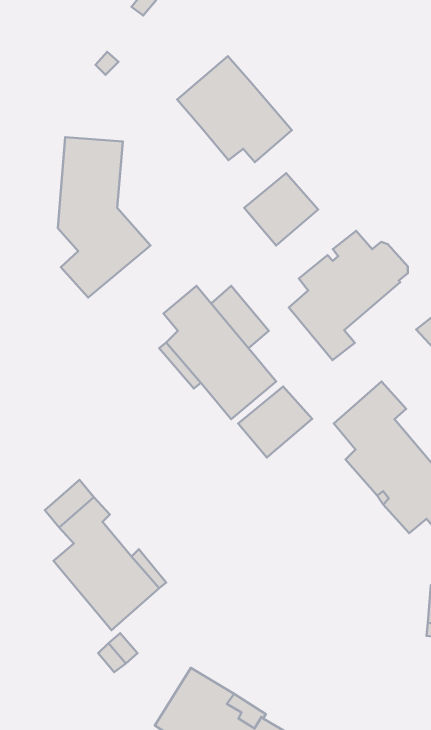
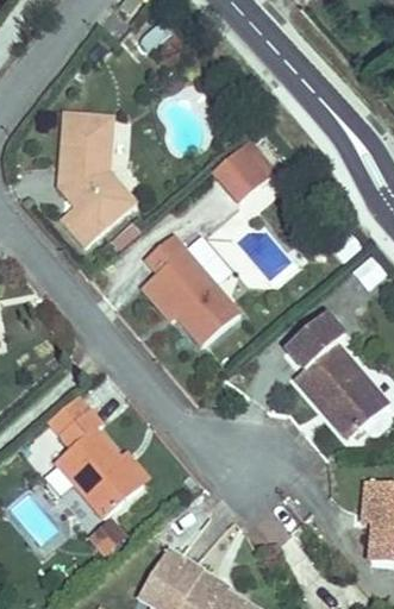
building: [177,56,292,162] -> none
building: [289,231,408,360] -> none
building: [238,386,312,457] -> none

